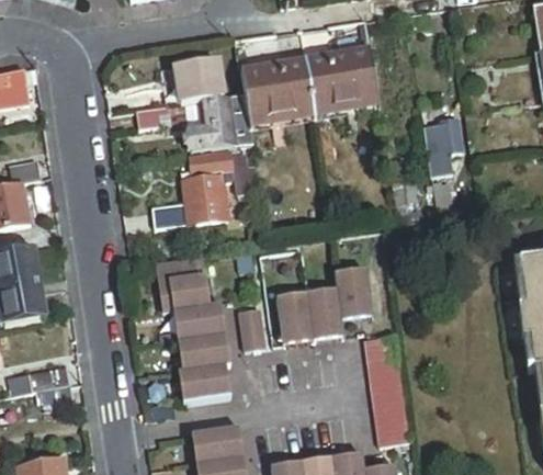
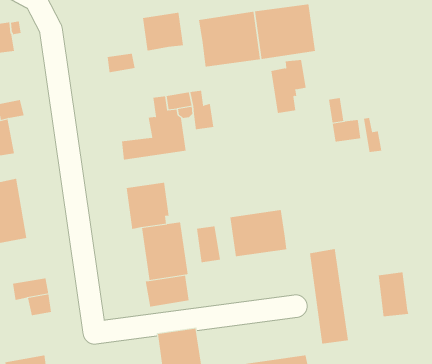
building: [191,93,252,148] -> none
building: [423,111,465,173] -> [270,59,307,113]
building: [336,267,374,317] -> none
building: none -> [378,272,409,317]

